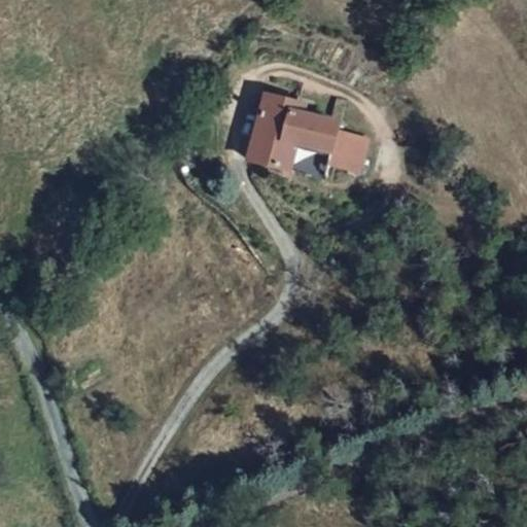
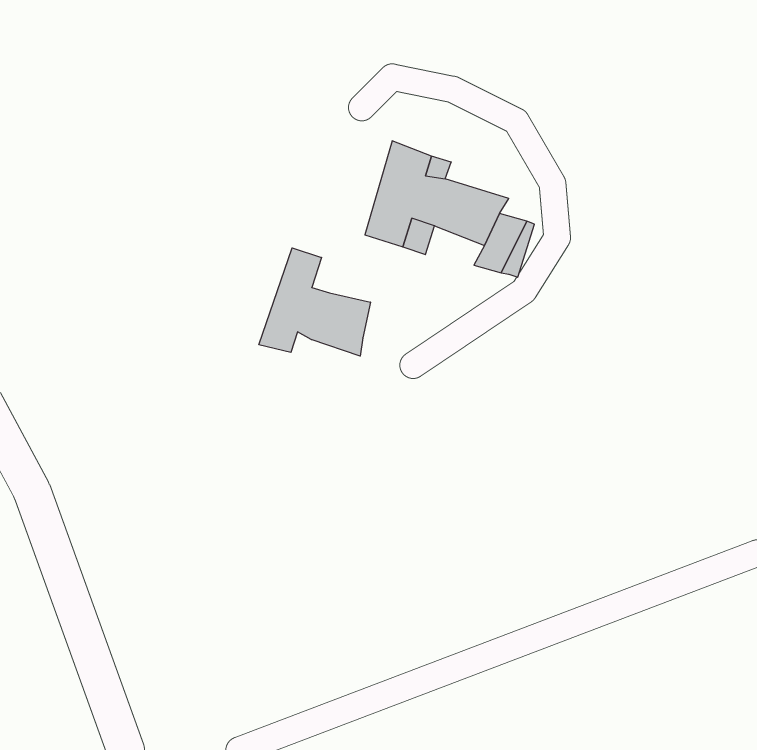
building: none -> [259,248,370,356]

